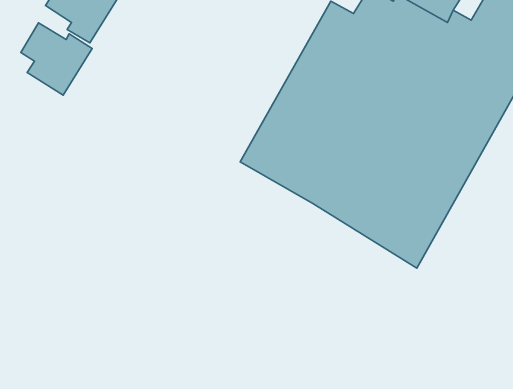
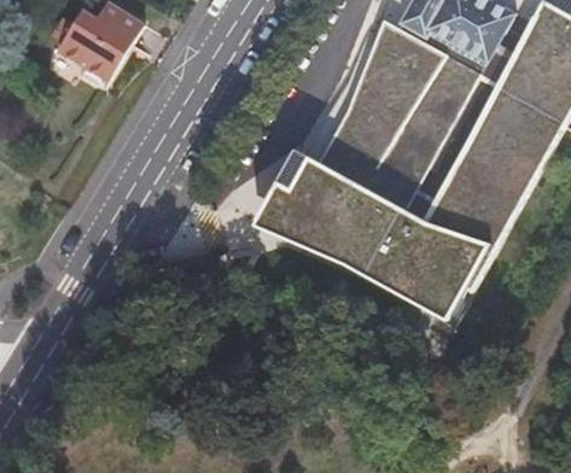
building: [21,23,92,95] -> none

